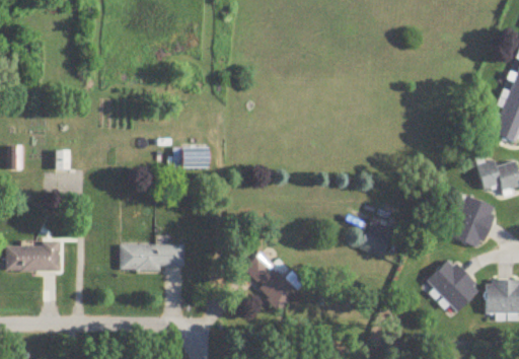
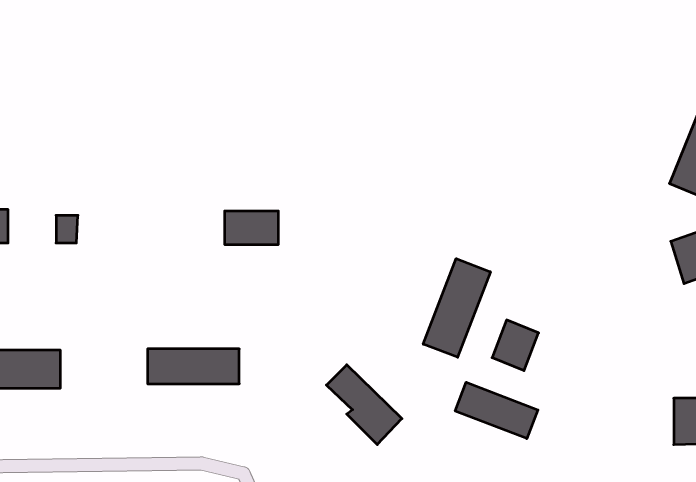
building: none -> [423,259,490,357]
building: [444,191,491,242] -> none
building: [425,256,477,307] -> none
building: none -> [455,382,538,439]

